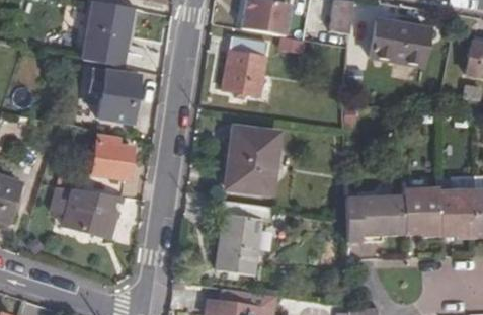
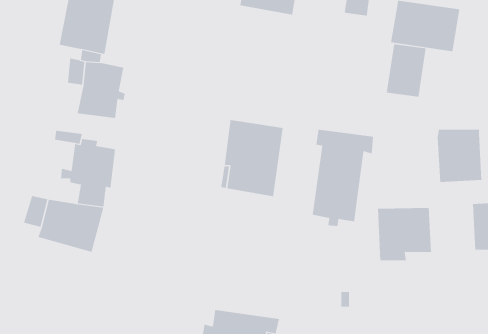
building: [223,36,266,91] -> none
building: none -> [386,44,426,98]
building: [401,191,439,237] -> [437,129,482,183]
building: [218,198,270,281] -> [312,129,374,227]

